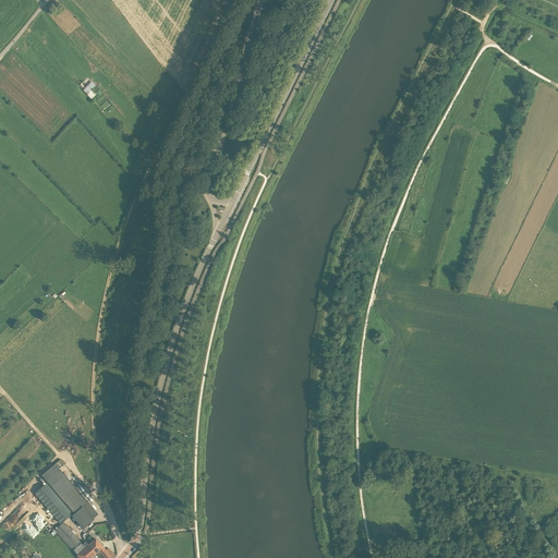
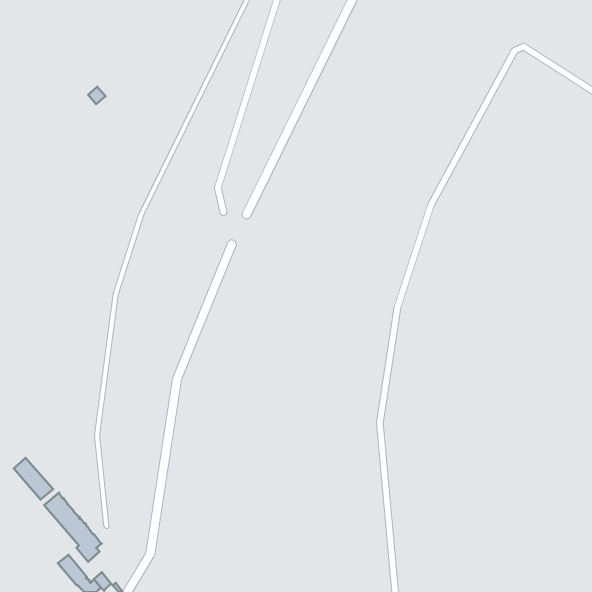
building: [35,484,72,523] -> [14,458,53,500]

